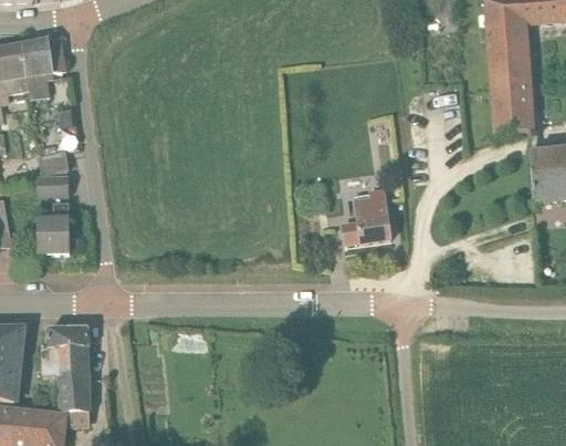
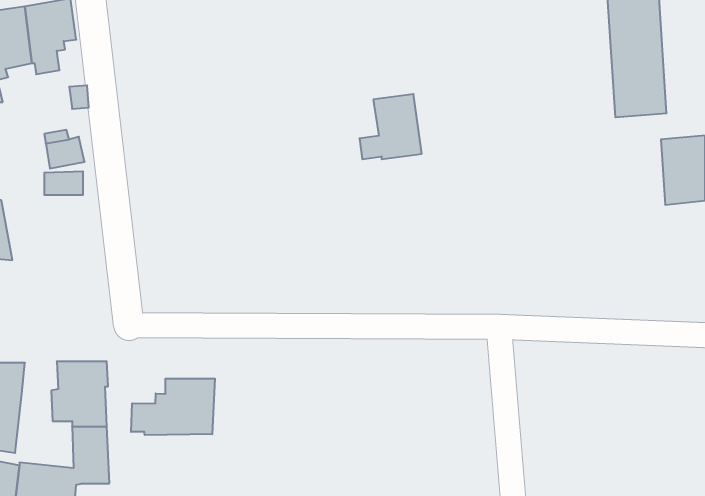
building: [342,190,391,242] -> [359,94,422,159]
building: [38,204,70,252] -> none
building: none -> [131,379,215,435]

